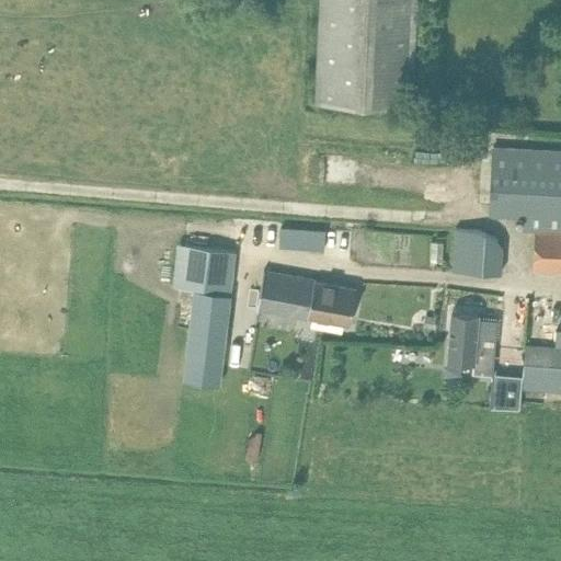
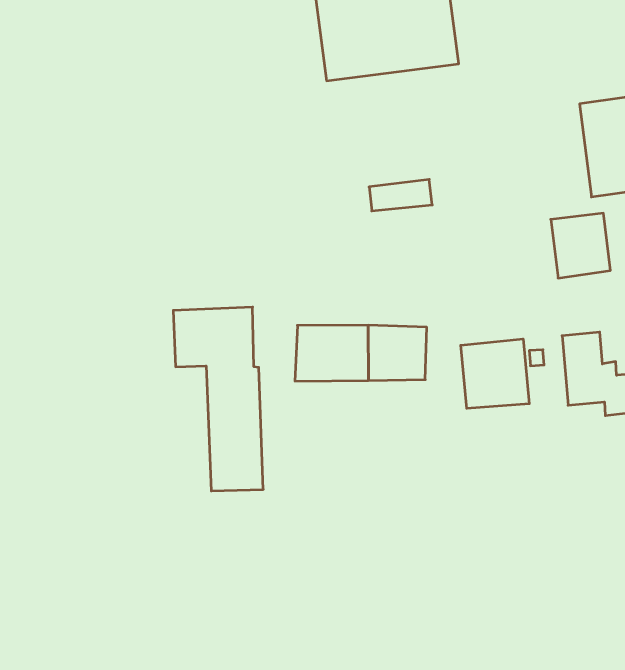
building: [279,231,324,252] -> [369,179,432,211]
building: none -> [461,339,529,408]

